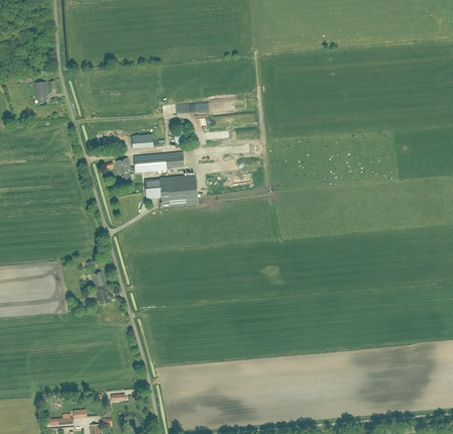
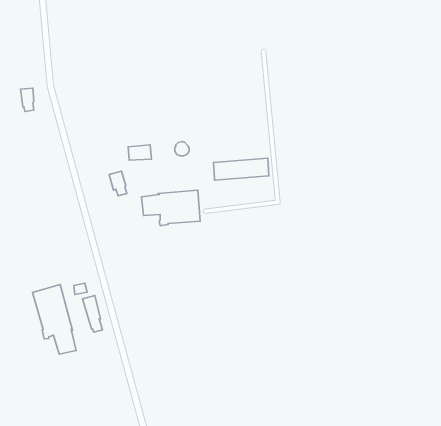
building: [133,150,184,171] -> [213,158,269,180]
building: none -> [32,284,76,354]

